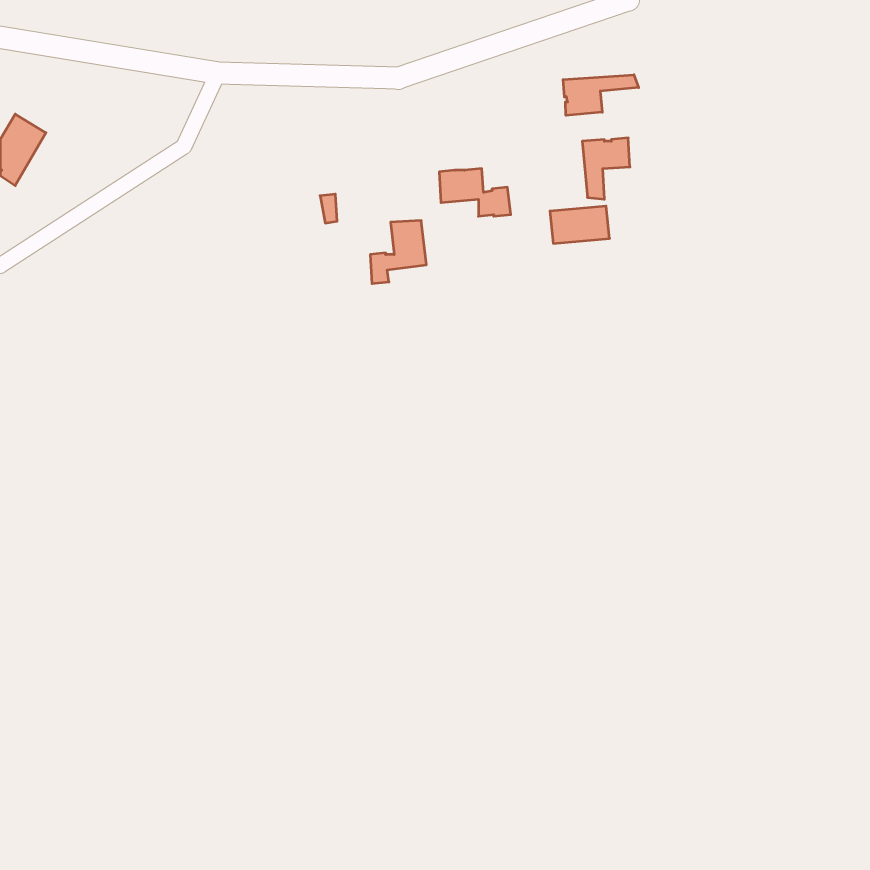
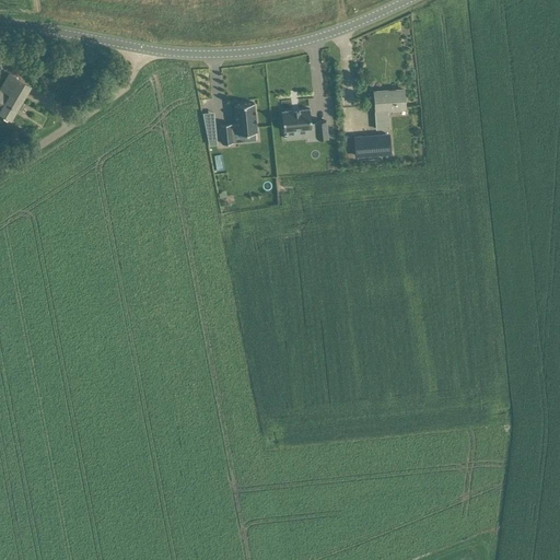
building: [563,75,639,115] -> none
building: [370,221,426,284] -> [221,103,257,143]

